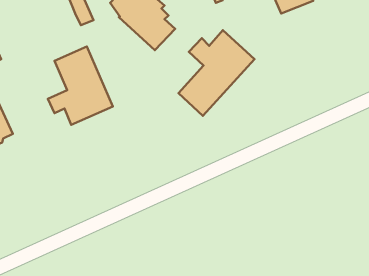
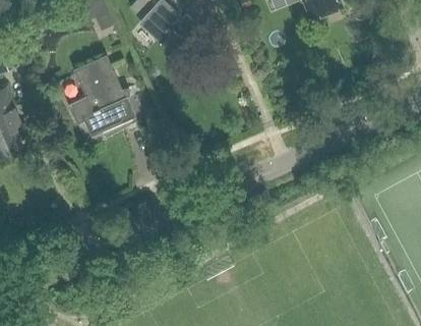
building: [179,30,255,116] -> none

